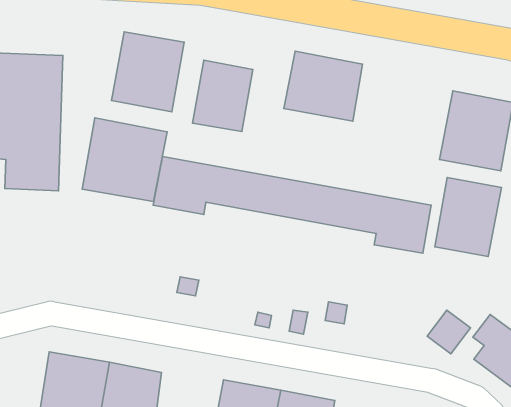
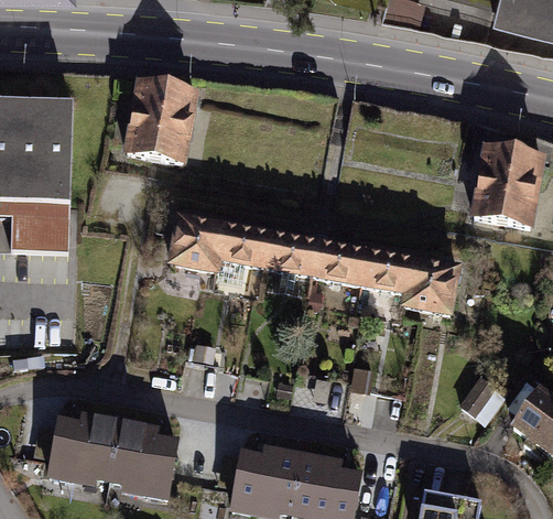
building: [284,51,363,121] -> none
building: [192,60,253,131] -> none
building: [82,118,167,202] -> none
building: [435,177,501,257] -> none

